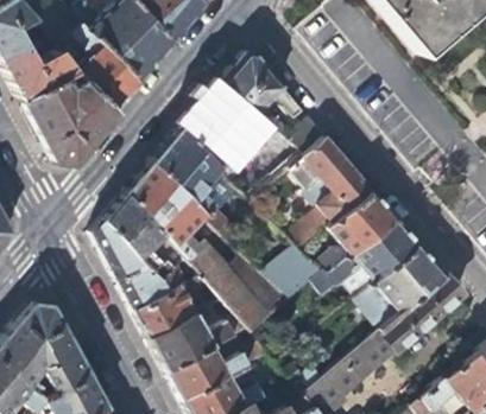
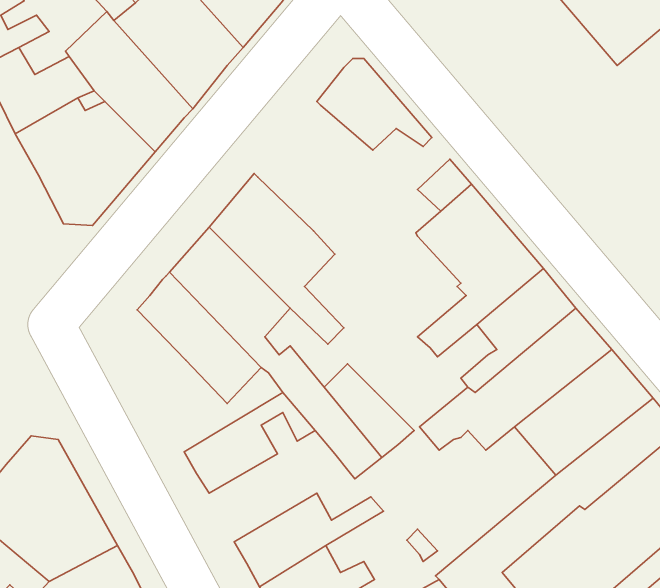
building: [185,83,291,184] -> none
building: [94,218,202,312] -> none
building: [263,243,324,298] -> none
building: [153,313,246,371] -> none

